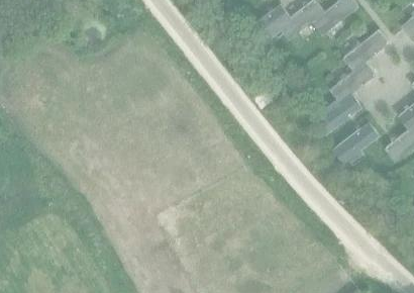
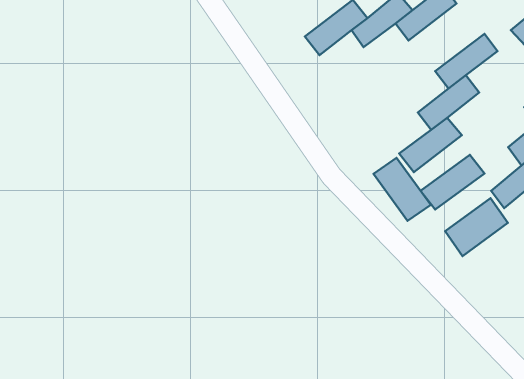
building: none -> [373,158,431,221]
building: none -> [445,198,508,256]

